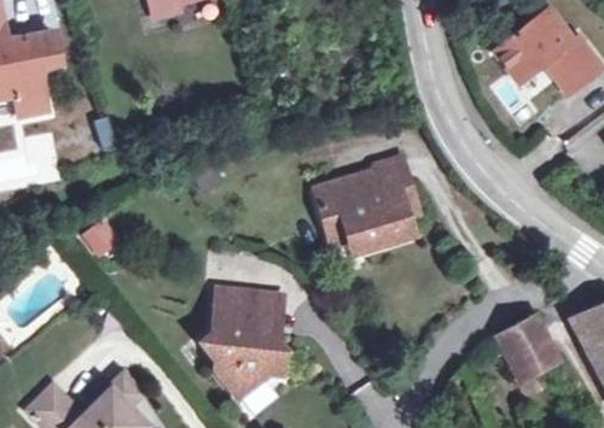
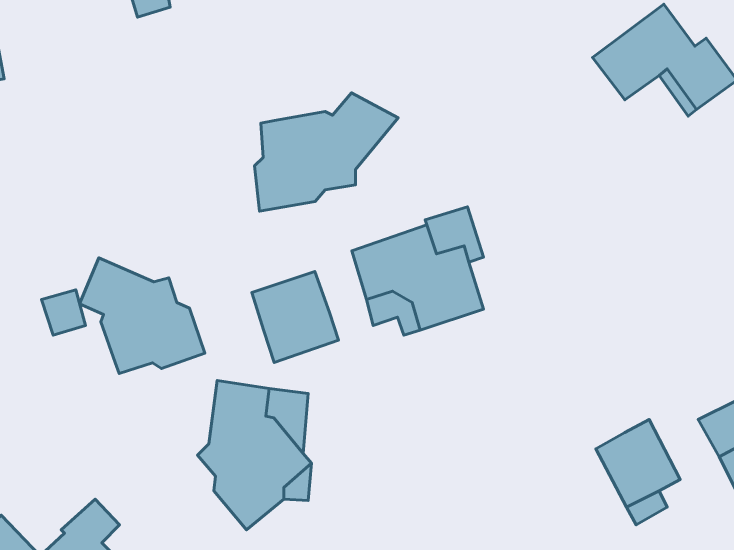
building: none -> [254,93,398,211]
building: none -> [80,258,205,374]
building: none -> [252,272,338,362]

